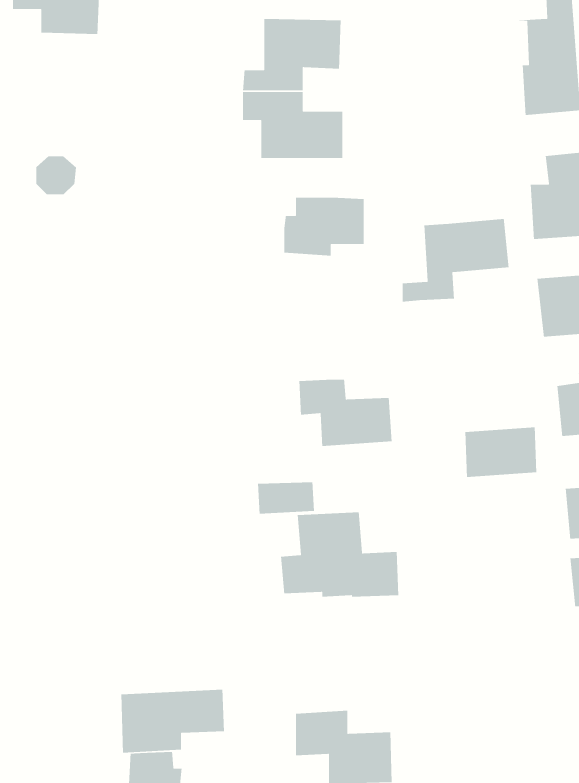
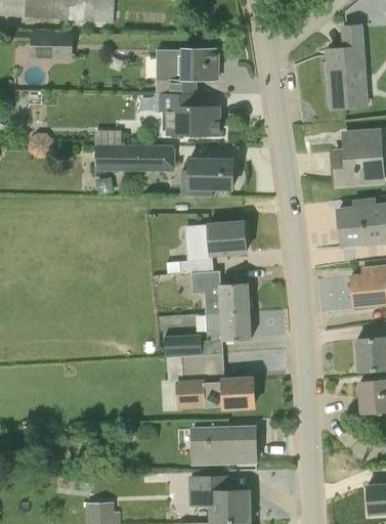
building: none -> [96,145,173,170]
building: [402,218,509,303] -> [180,221,247,273]
building: [465,426,537,478] -> [206,310,251,342]
building: [121,689,225,753] -> [191,427,256,467]

